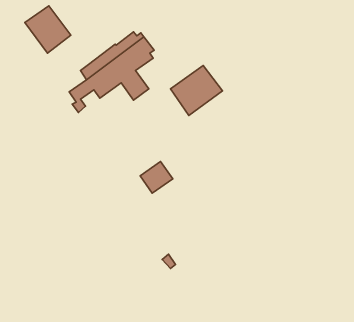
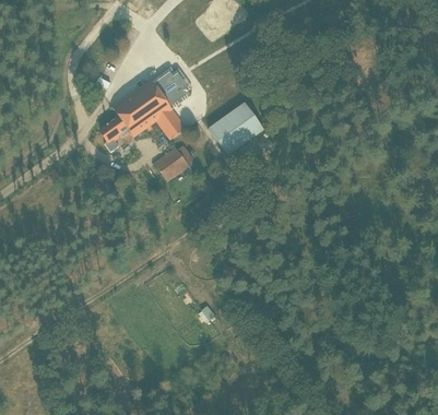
building: [25,6,71,53] -> none
building: [140,161,173,193] -> [153,149,188,182]

